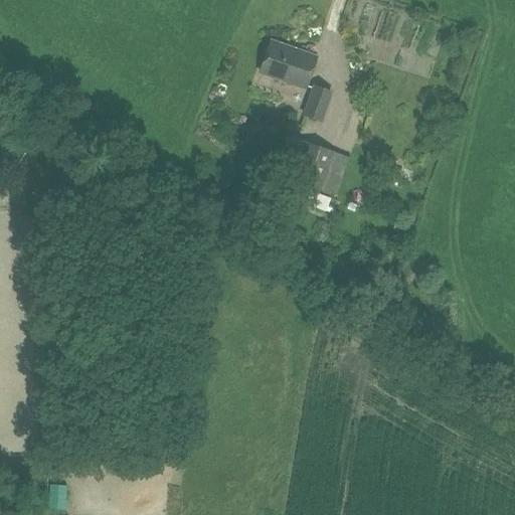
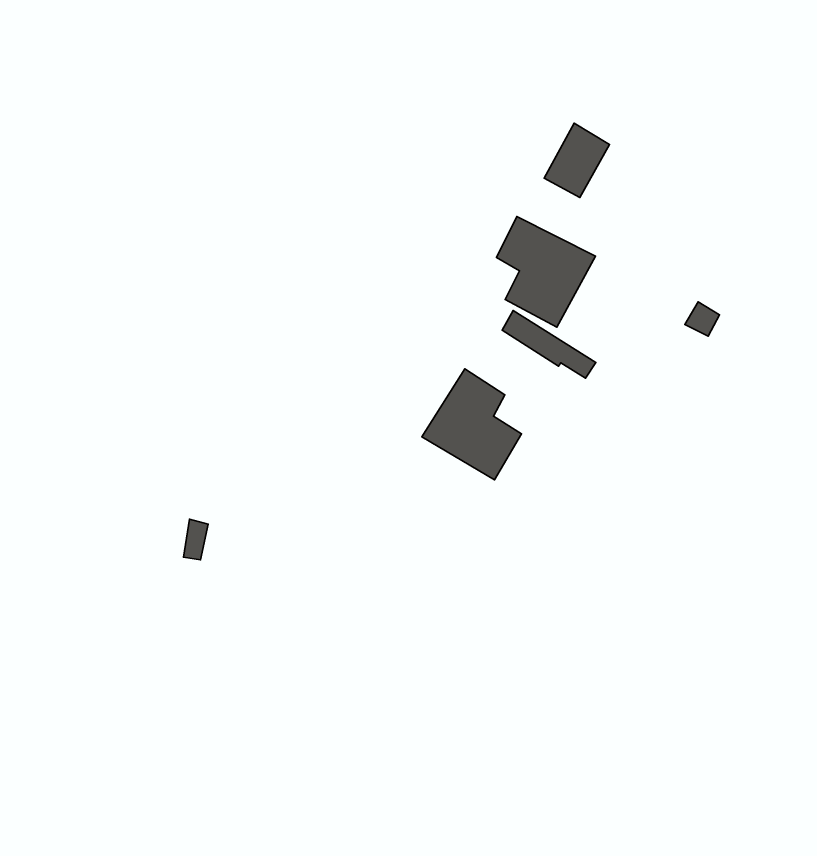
building: [262,41,317,88] -> none
building: none -> [422,369,522,480]

